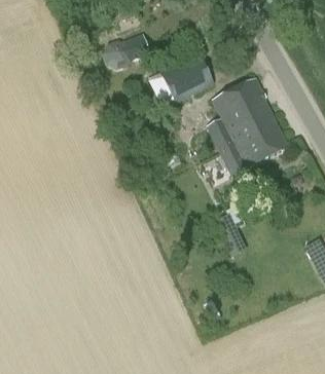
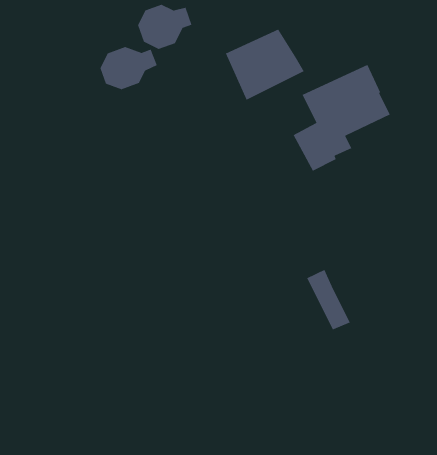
building: none -> [99,46,158,90]
building: [219,112,288,176] -> none

